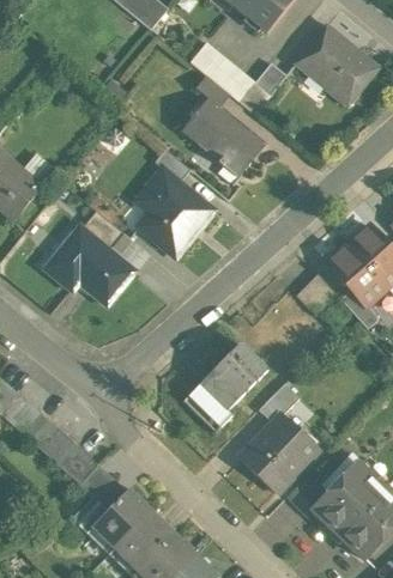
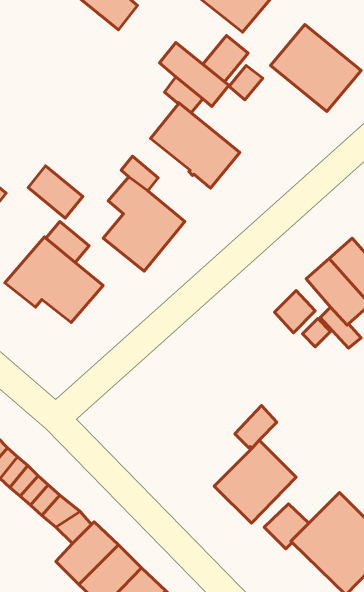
building: none -> [203,35,248,82]
building: none -> [28,166,83,218]
building: [185,345,268,431] -> none

